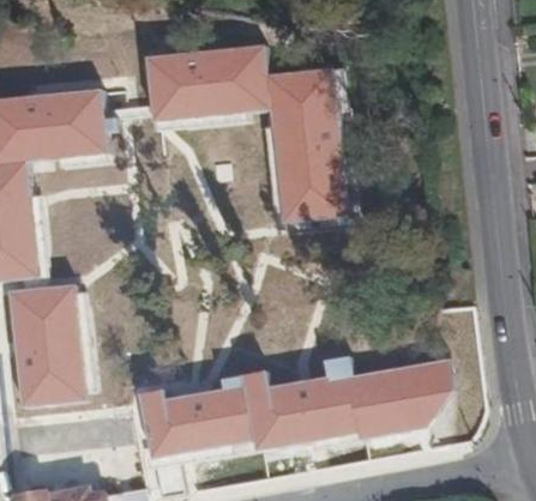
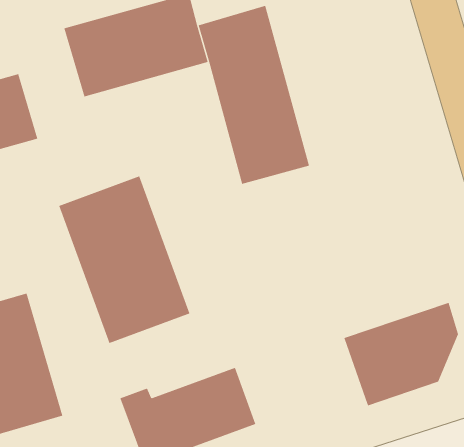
building: none -> [59,176,190,344]
building: [245,370,357,449] -> none

